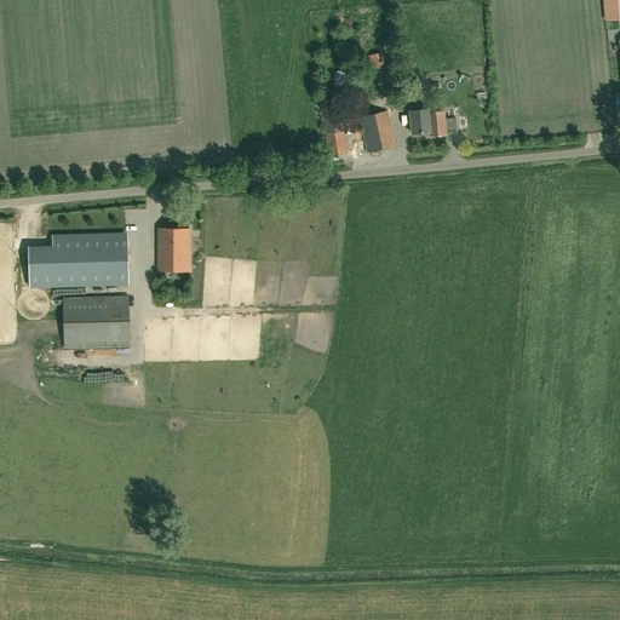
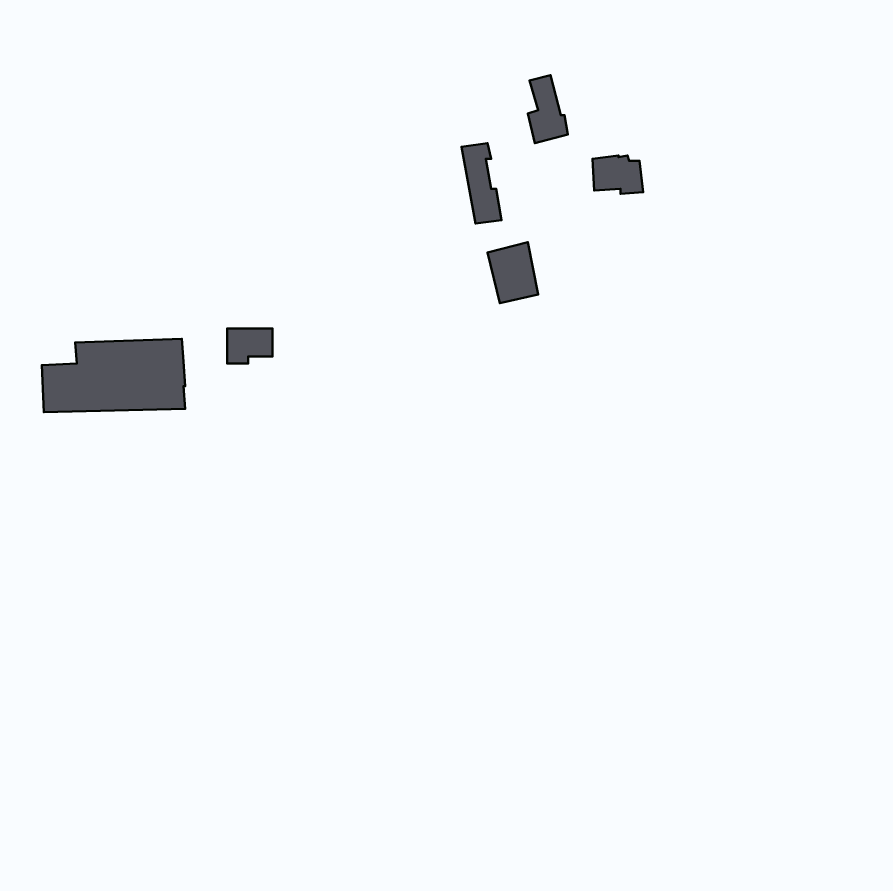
building: [361,109,396,151] -> [488,242,538,303]
building: [157,247,189,270] -> none
building: [63,295,130,348] -> none

